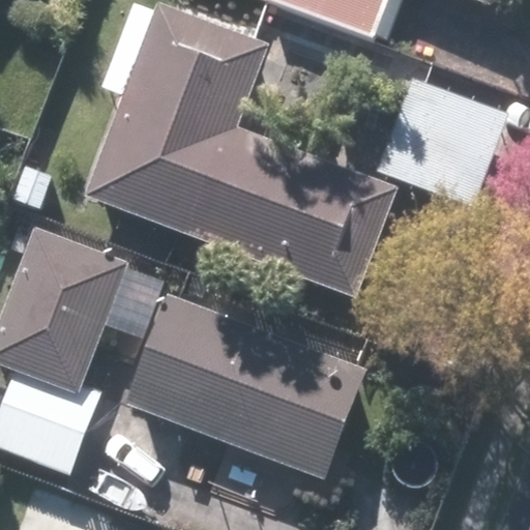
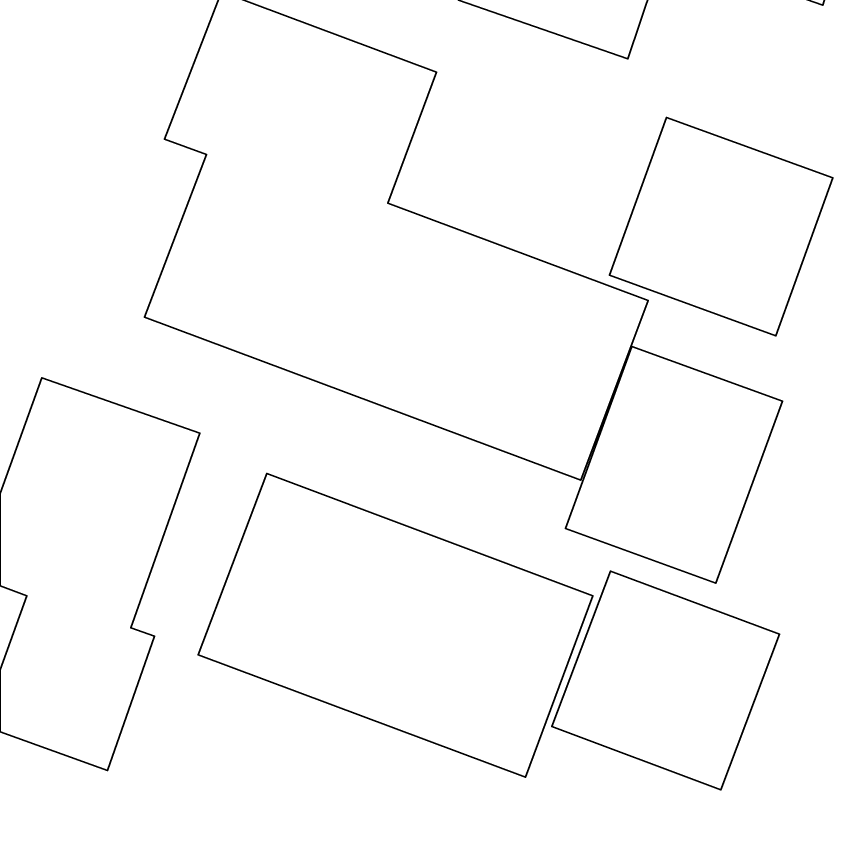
building: none -> [565,347,782,583]
building: none -> [552,571,779,790]

